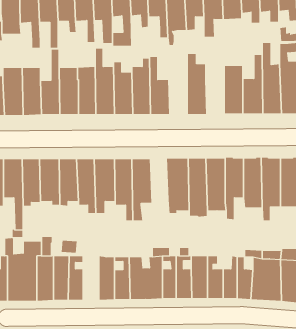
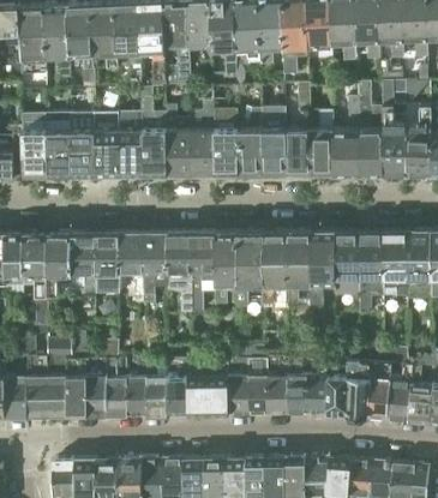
building: none -> [286,85,310,176]
building: none -> [238,109,262,176]
building: none -> [214,233,236,306]
building: none -> [126,359,146,418]

